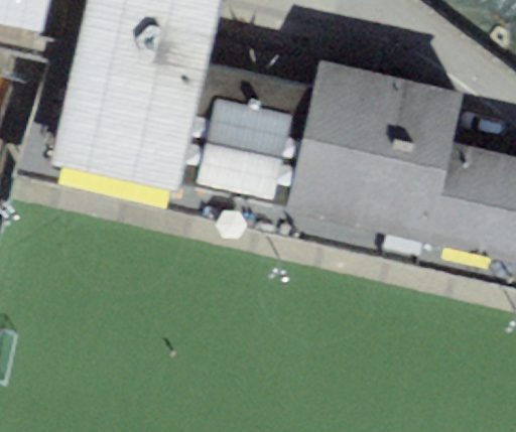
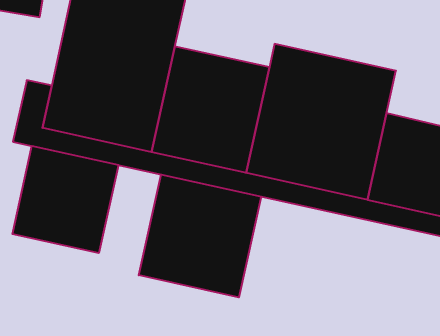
building: none -> [12,146,118,253]
building: none -> [139,174,261,297]

